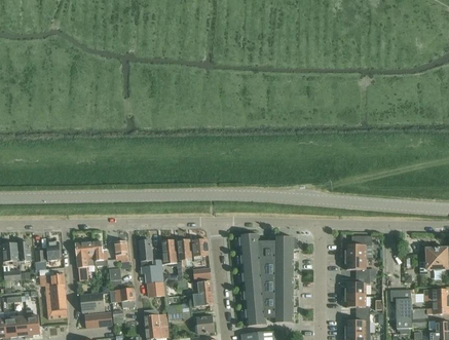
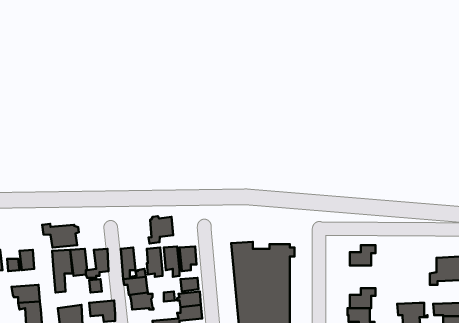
building: none -> [148,216,173,243]
building: none -> [42,224,79,247]
building: [344,255,369,275] -> none

